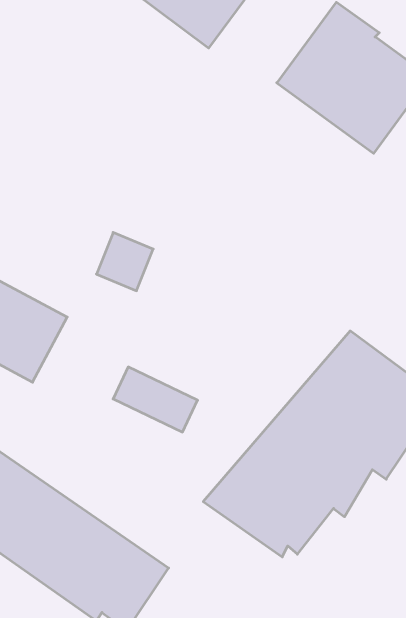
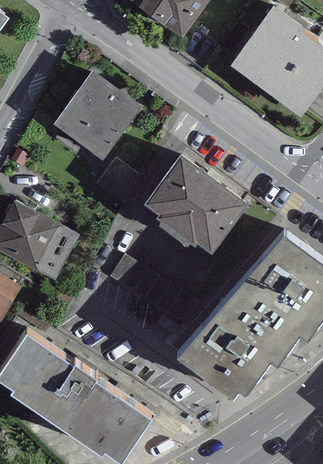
building: none -> [53,69,139,157]
building: none -> [143,150,248,251]

